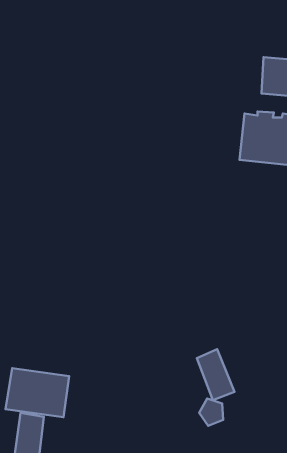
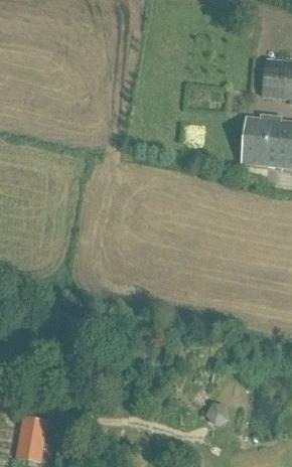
building: [197,349,234,400] -> none
building: [6,368,69,417] -> none

